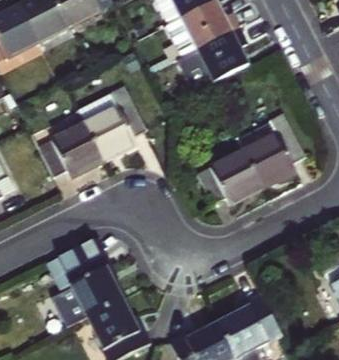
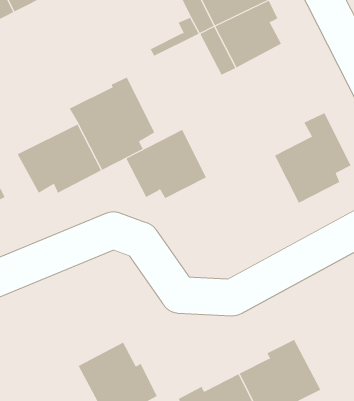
building: [198,149,262,204] -> [126,129,207,199]
building: [47,235,124,326] -> none

